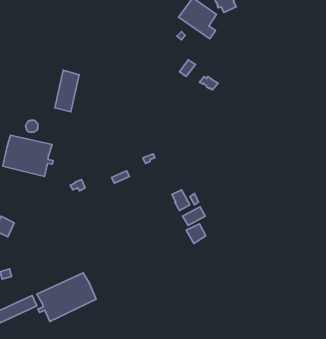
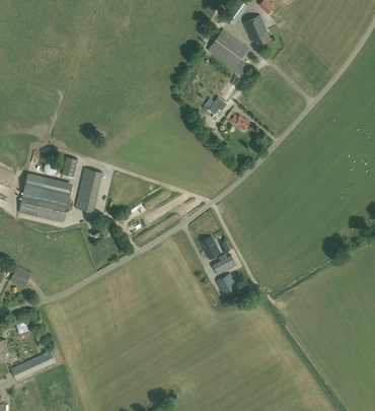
building: [55,70,79,112] -> [76,166,102,211]
building: [37,273,96,321] -> none

